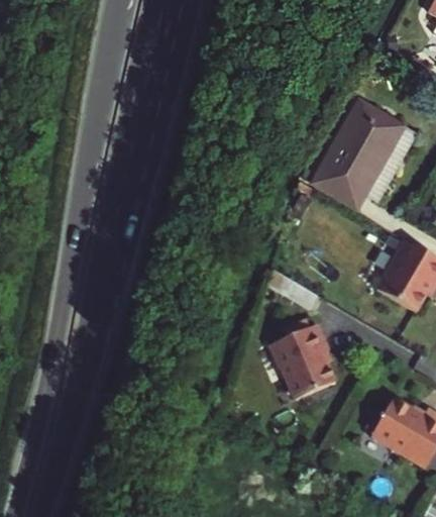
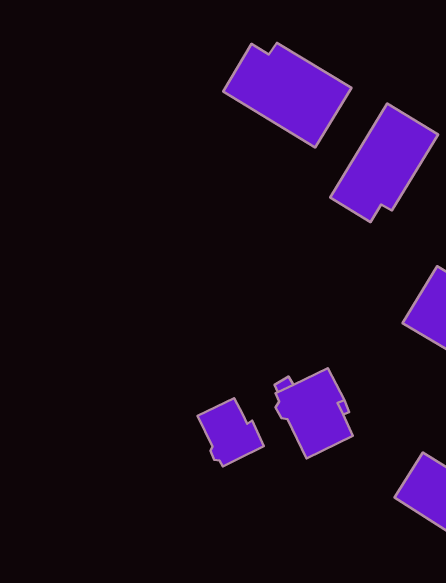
building: none -> [223,43,351,147]
building: none -> [198,398,264,467]

